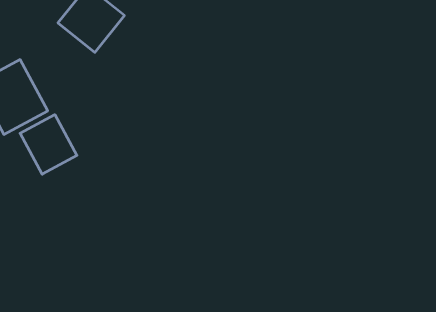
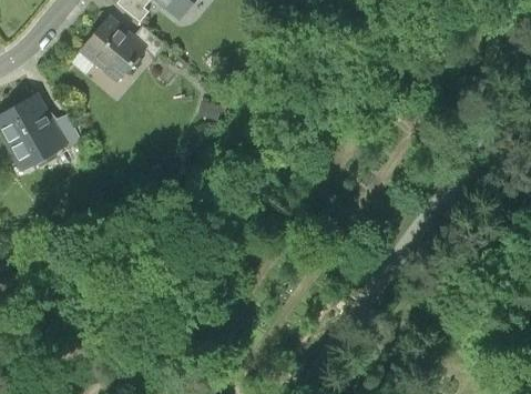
building: [20,115,77,174] -> none

